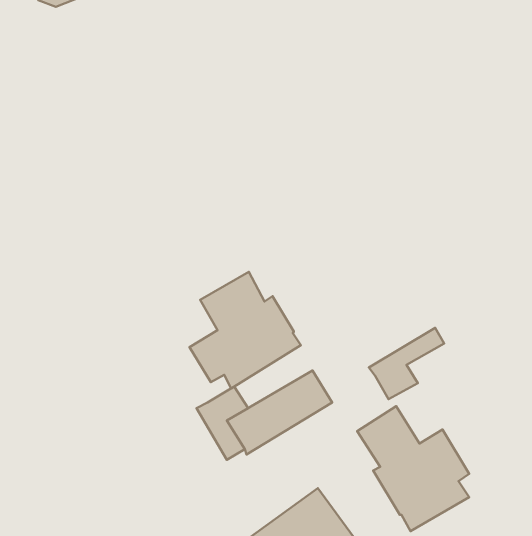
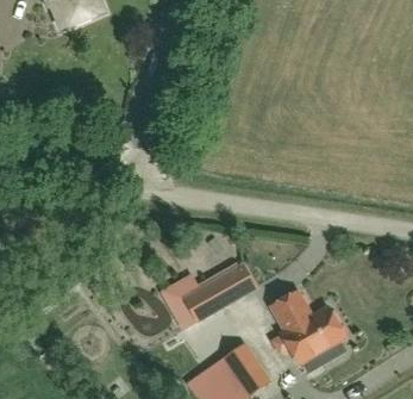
building: [189,272,301,388] -> none
building: [369,328,444,399] -> none

